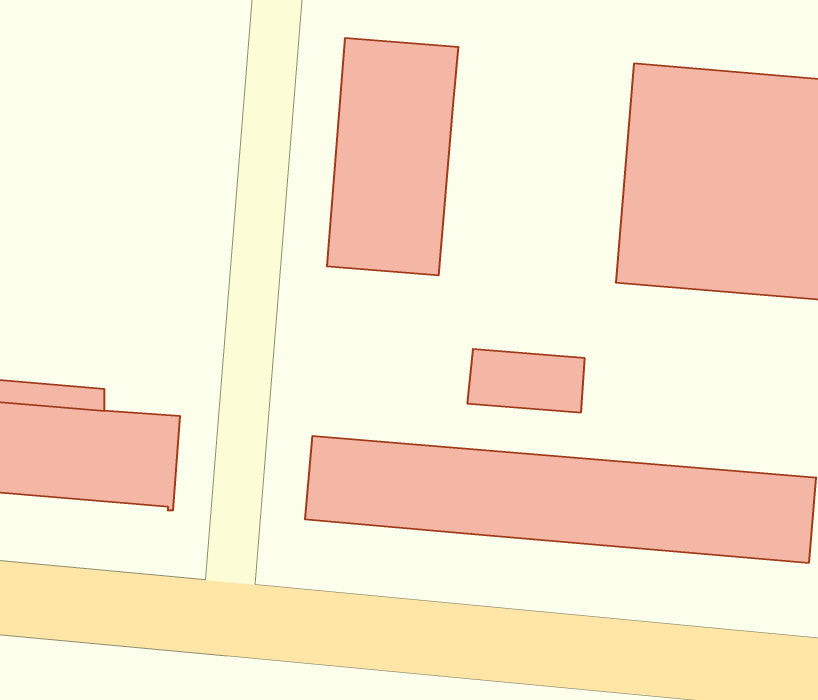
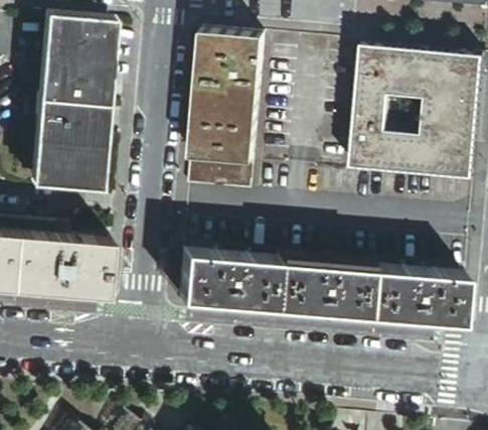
building: none -> [33,21,110,188]
building: [467,349,585,412] -> [187,161,253,196]

